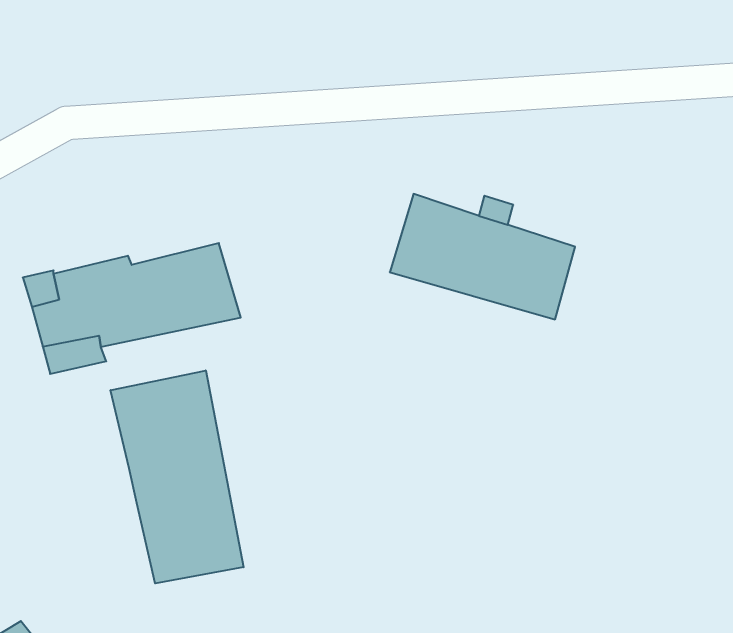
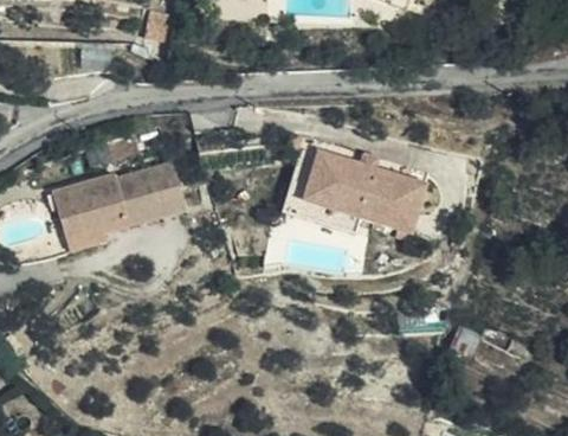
building: [111,370,244,583] -> none

